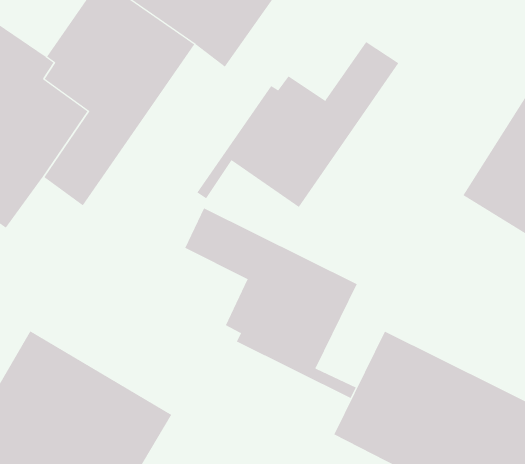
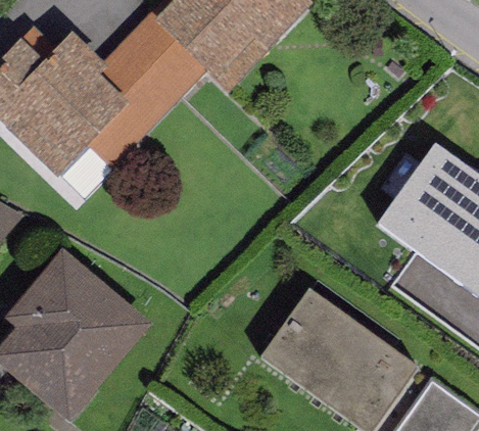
building: [197,41,399,208] -> none
building: [185,207,358,399] -> none

